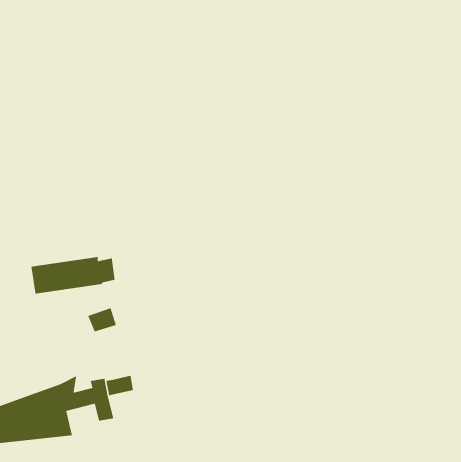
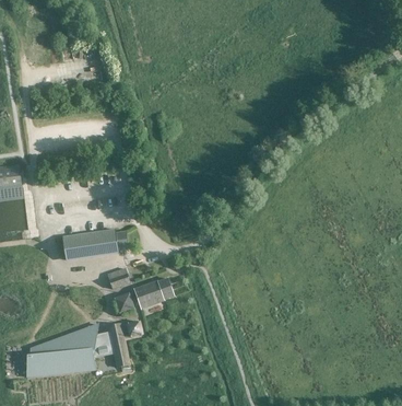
building: none -> [115,279,173,313]

